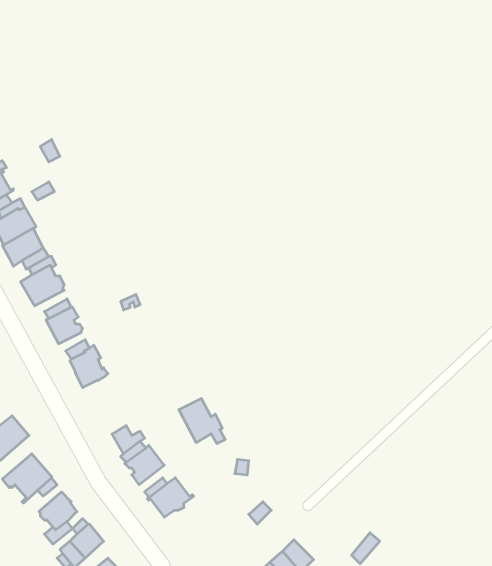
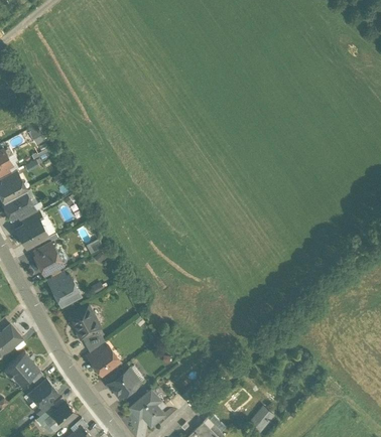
building: [179,399,225,444] -> [69,307,102,339]
building: none -> [130,390,165,427]

